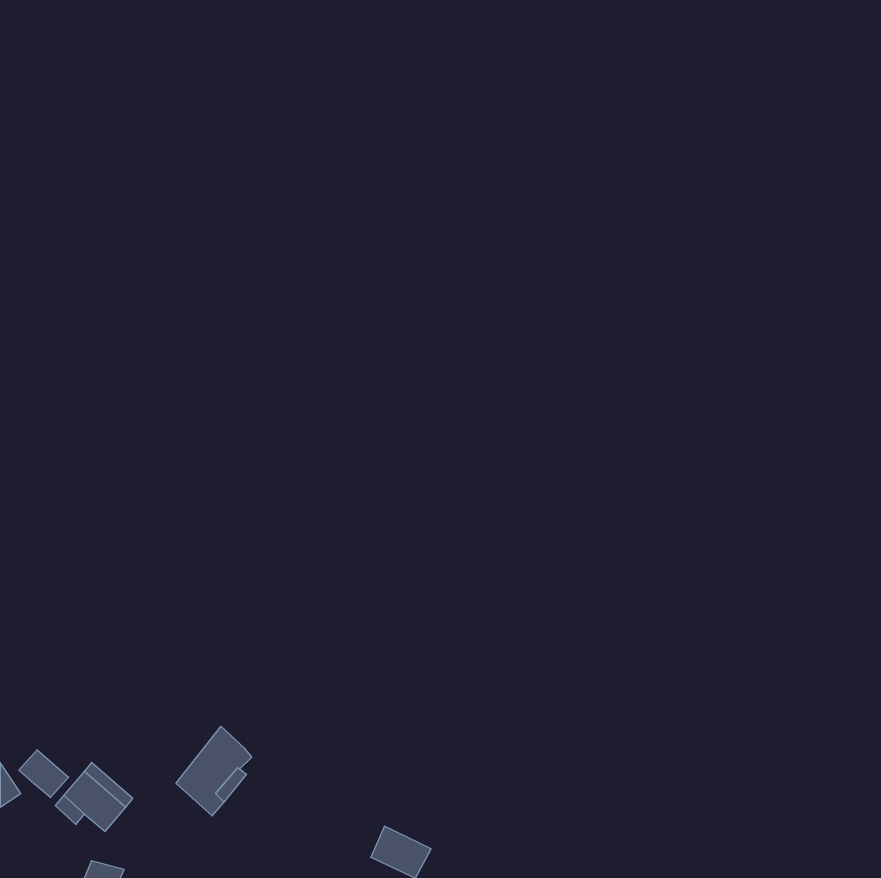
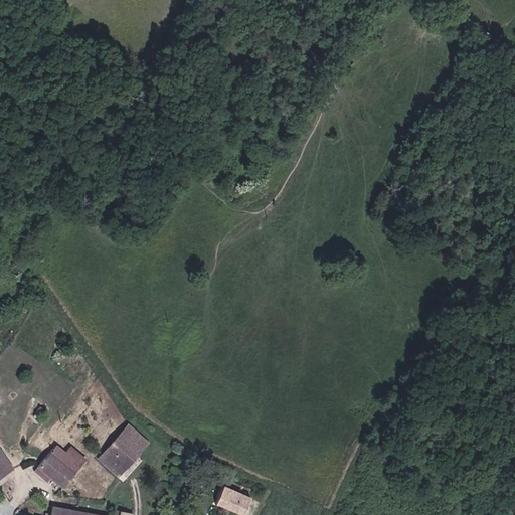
building: [19,750,69,798] -> none

